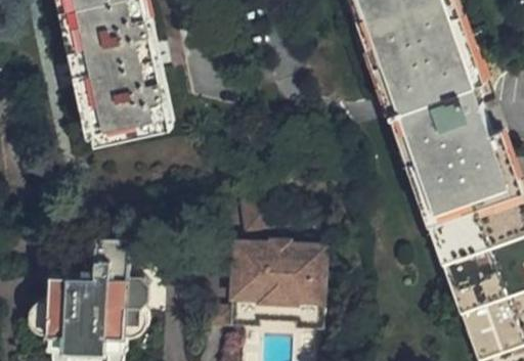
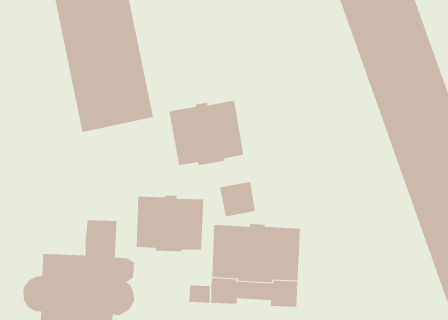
building: none -> [169,100,244,166]
building: none -> [136,195,204,252]

